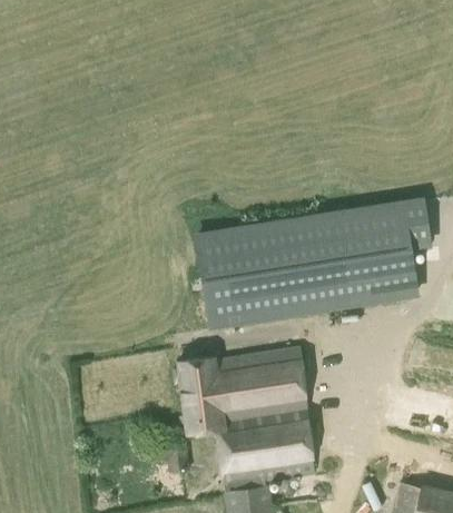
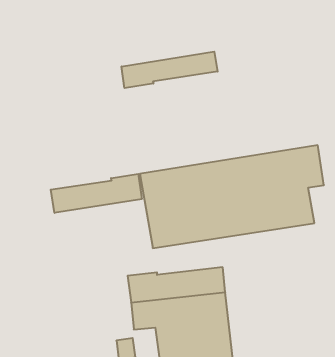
building: none -> [122,52,218,88]
building: none -> [51,174,142,213]

